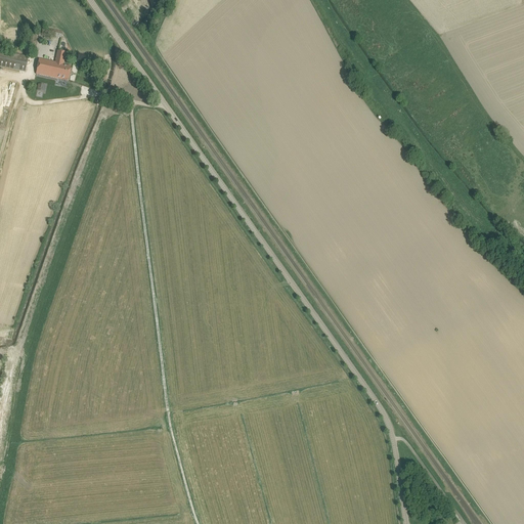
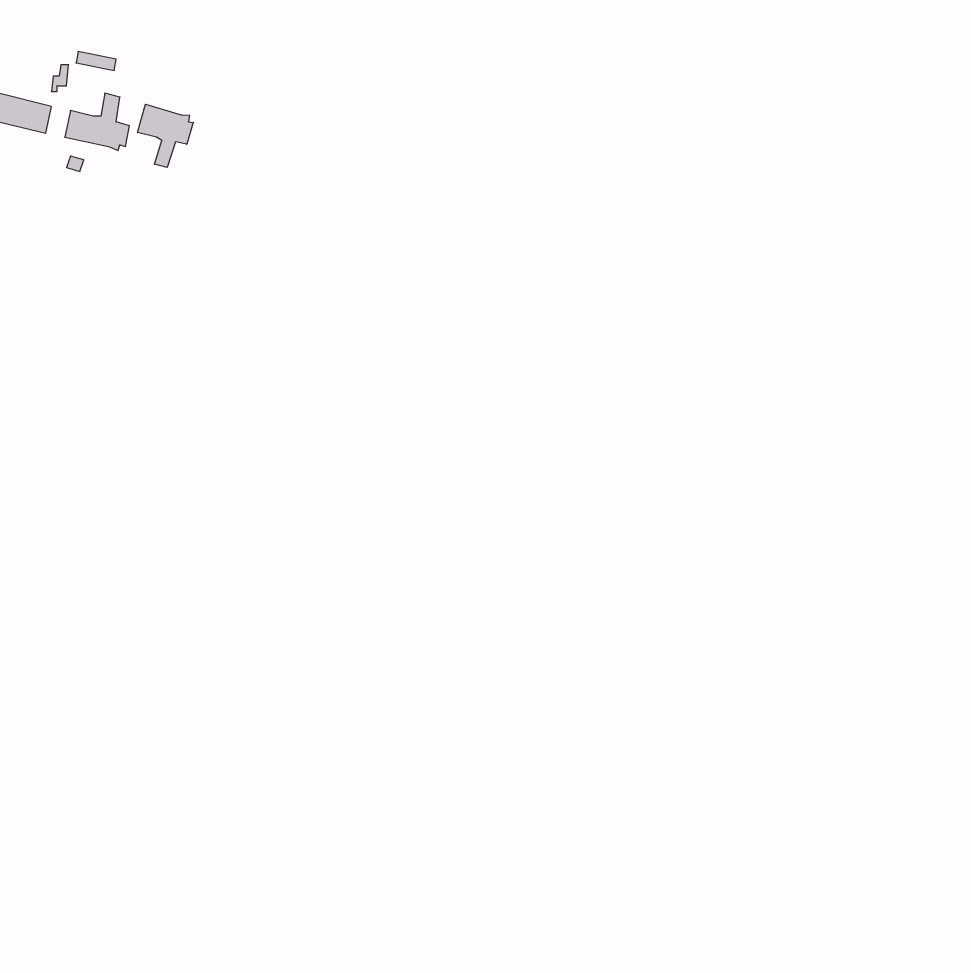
building: none -> [138,104,193,167]

